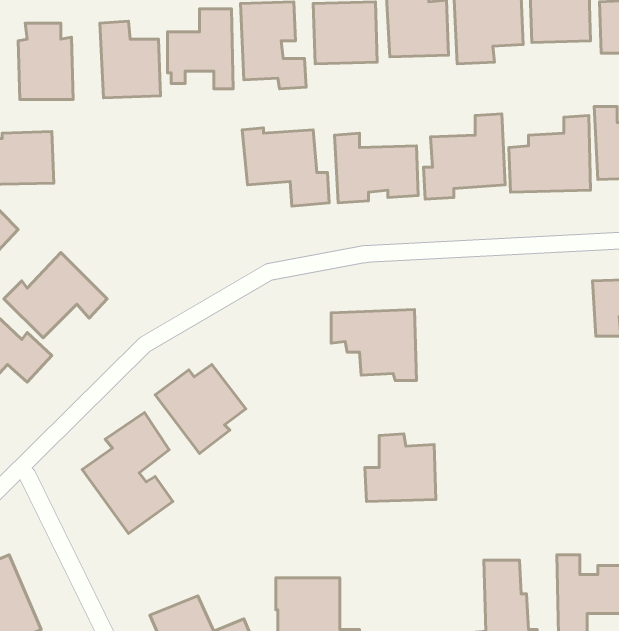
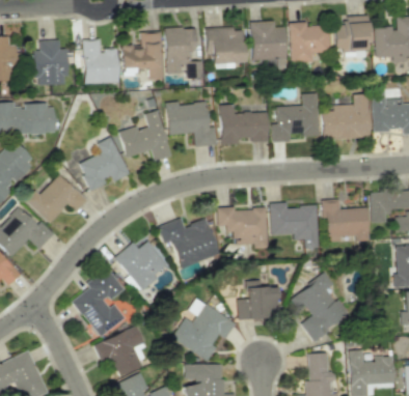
building: none -> [119,109,171,160]
building: none -> [79,136,130,189]
building: none -> [325,199,370,242]
building: none -> [270,202,320,248]
building: none -> [158,218,220,267]
building: none -> [291,272,349,340]
building: none -> [171,303,237,361]
building: none -> [94,326,146,375]

